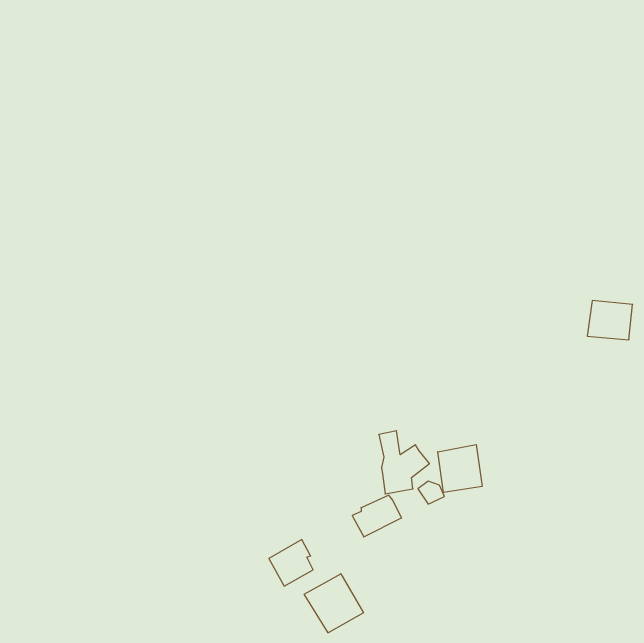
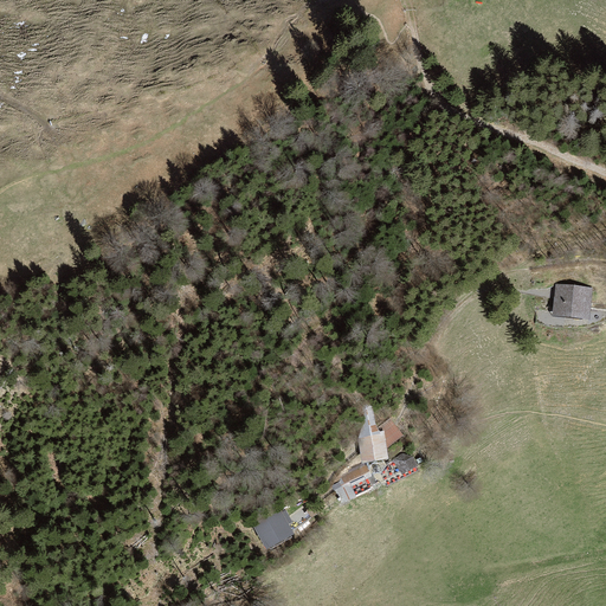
building: [438,445,482,492] -> none
building: [304,574,363,633] -> none

